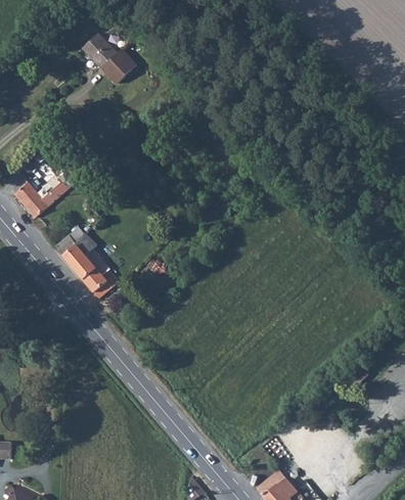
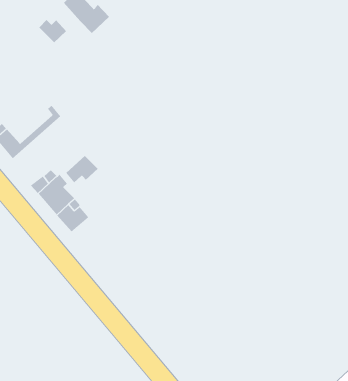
building: none -> [39,19,67,43]
building: none -> [65,155,98,183]

